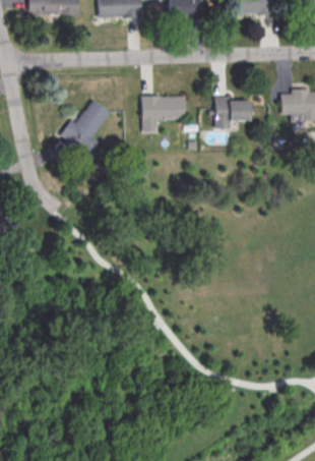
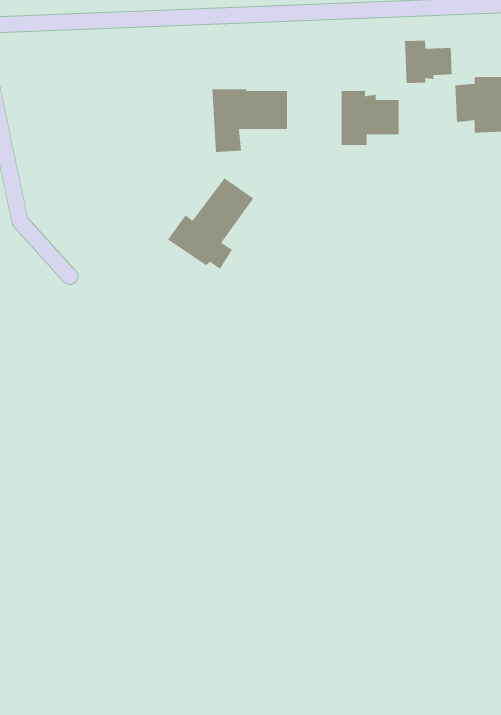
building: none -> [405,40,452,84]
building: [61,100,111,153] -> [167,177,254,269]

